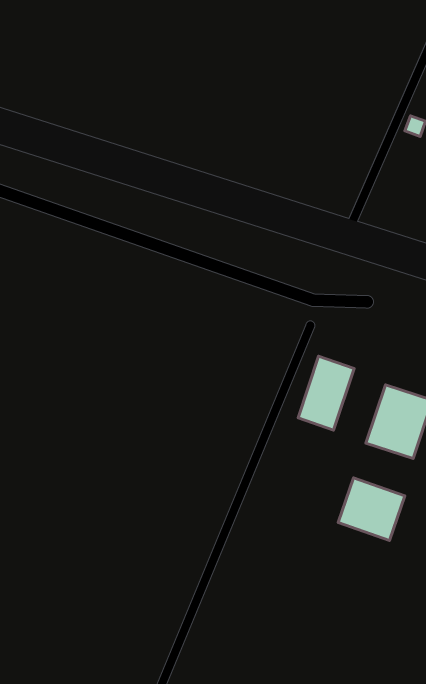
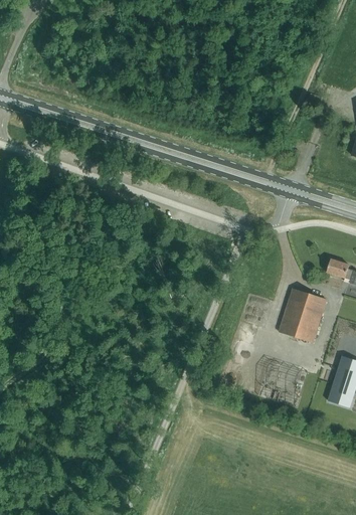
building: [298,356,354,430] -> none

